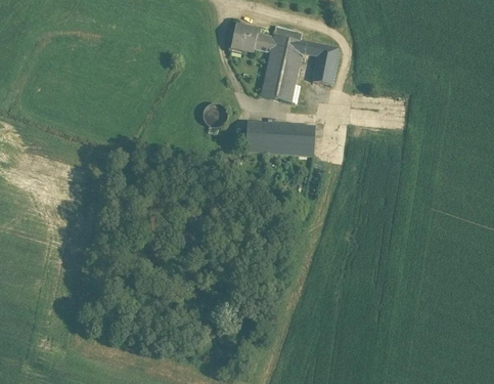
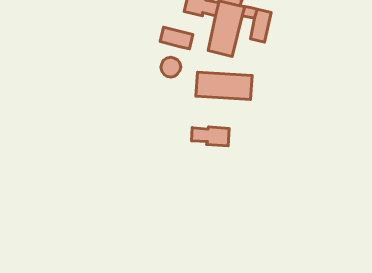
building: none -> [160,27,193,49]
building: none -> [192,127,229,146]

